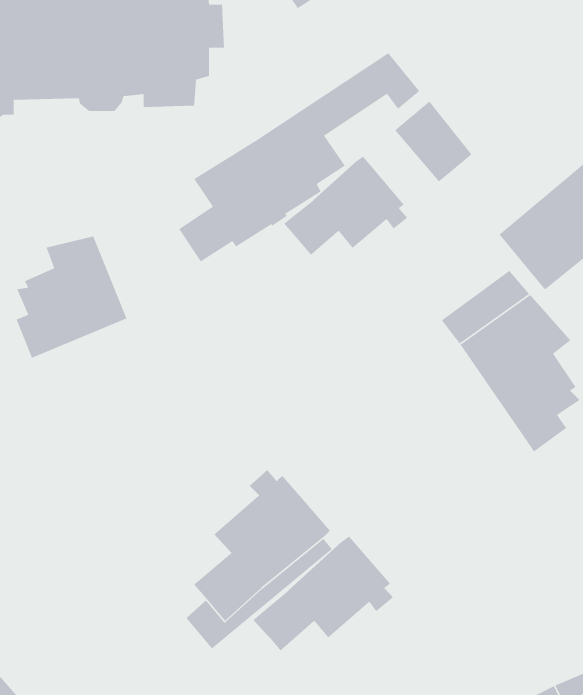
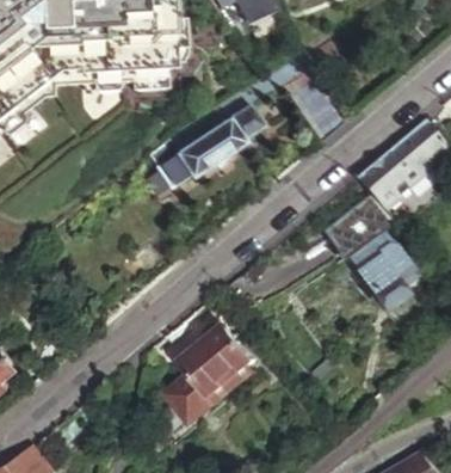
building: [283,155,408,256] -> none
building: [15,235,128,359] -> none
building: [253,535,394,651] -> none

